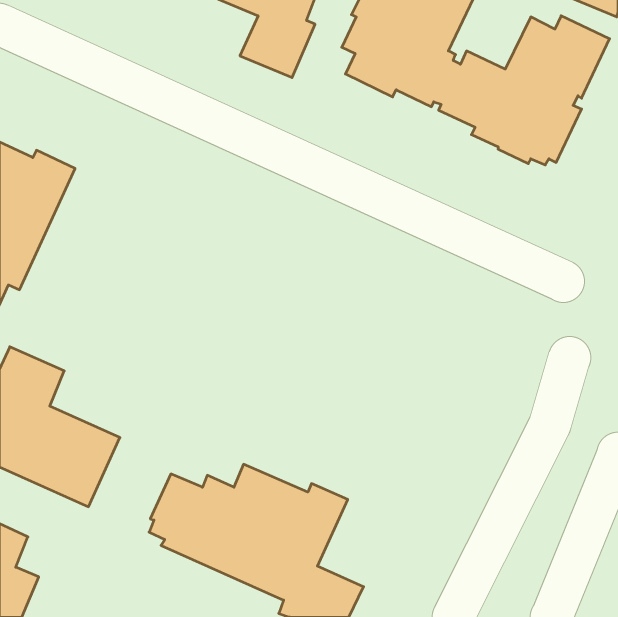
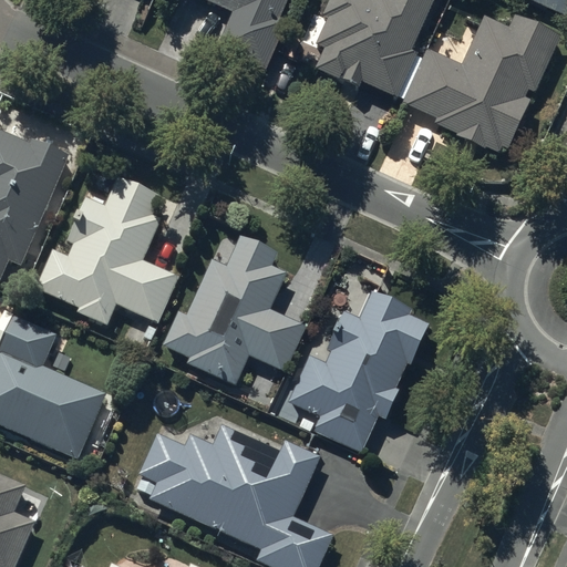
building: none -> [35,177,178,323]
building: none -> [163,238,302,383]
building: none -> [288,291,430,451]

